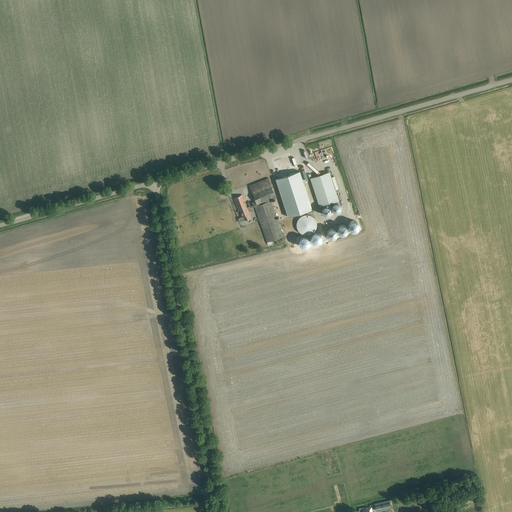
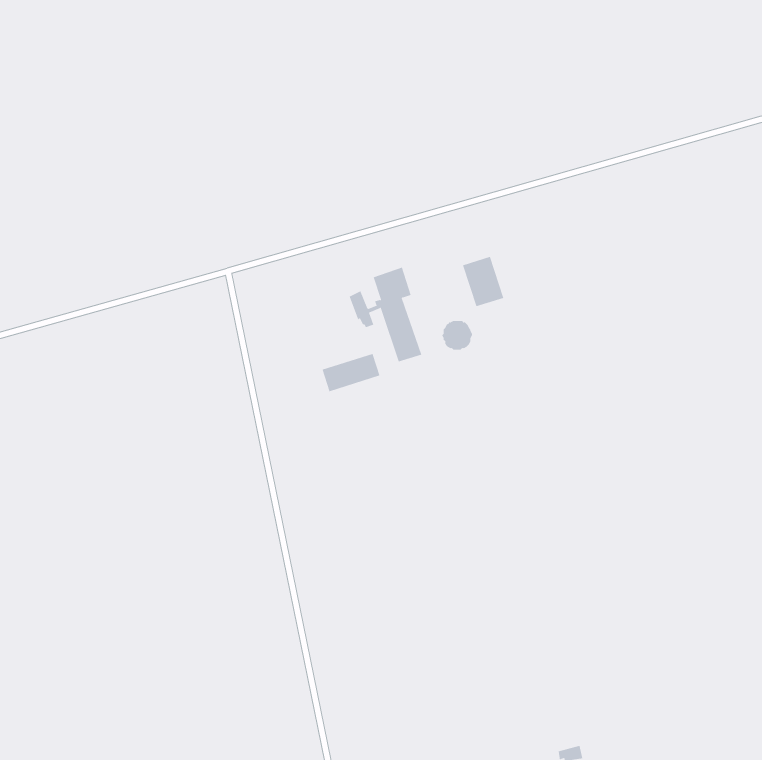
building: [275,171,312,217] -> none
building: none -> [322,353,380,392]

